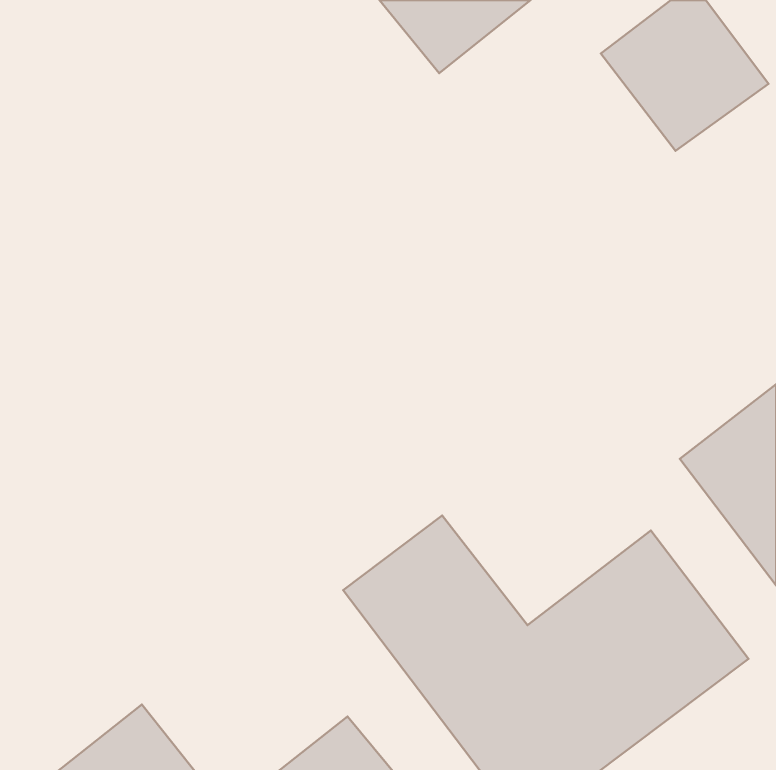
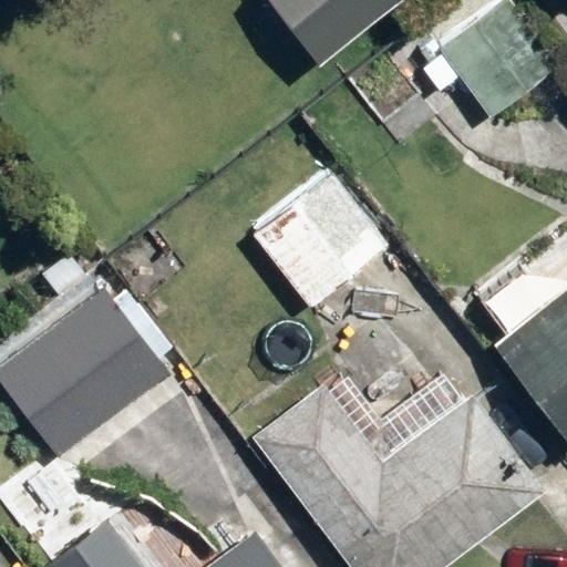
building: none -> [251,172,386,307]
building: none -> [41,295,186,440]

